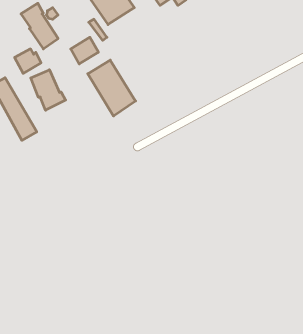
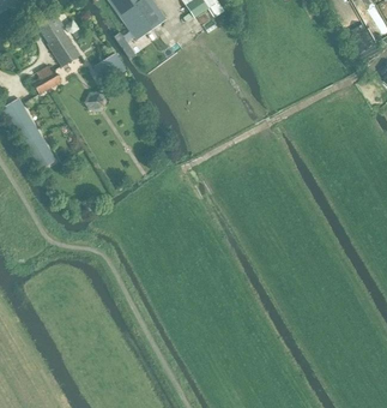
building: [88,60,136,116] -> none
building: [31,70,66,110] -> none

